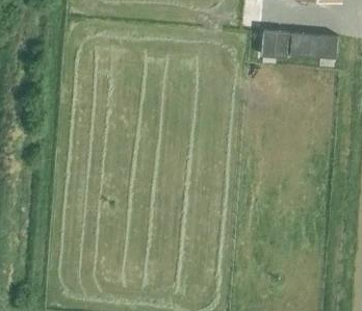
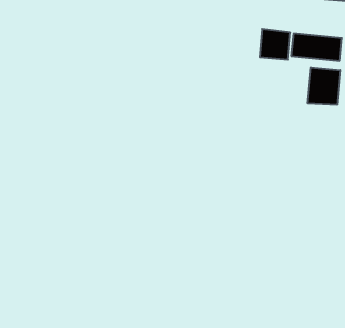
building: none -> [308,67,340,105]

